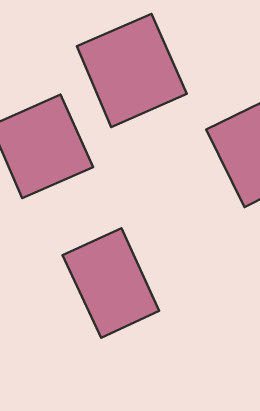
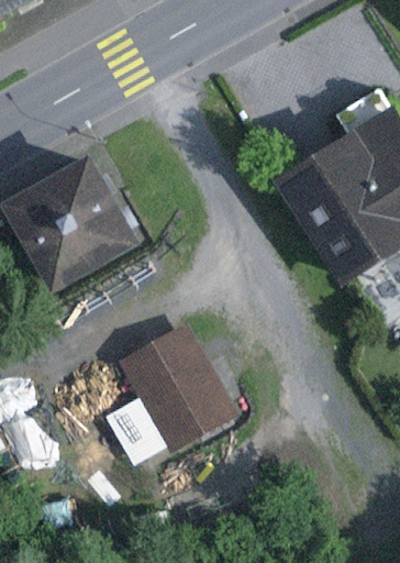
building: [77,14,187,127] -> none

